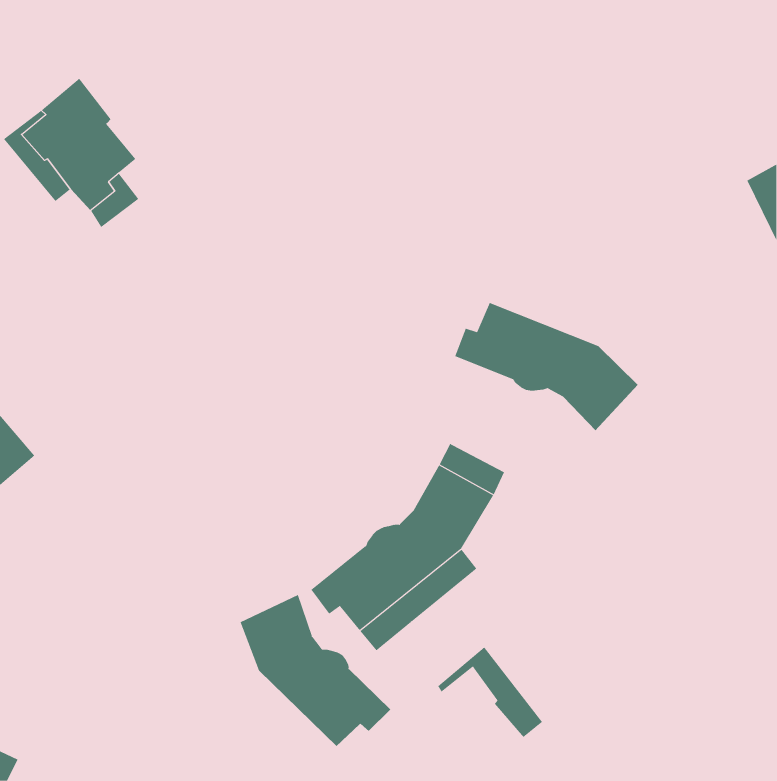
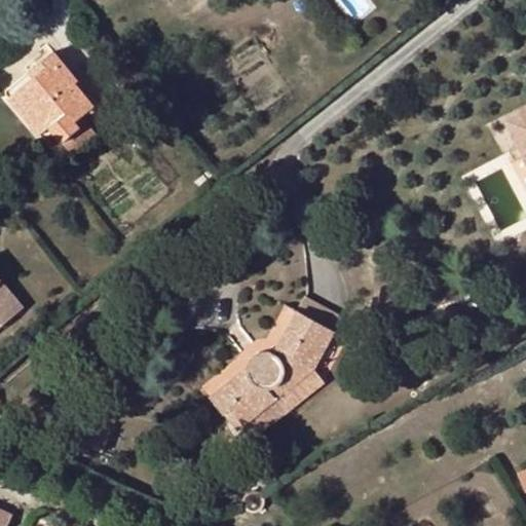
building: [454,302,638,431] -> none
building: [240,594,391,747] -> none
building: [437,647,543,738] -> none

